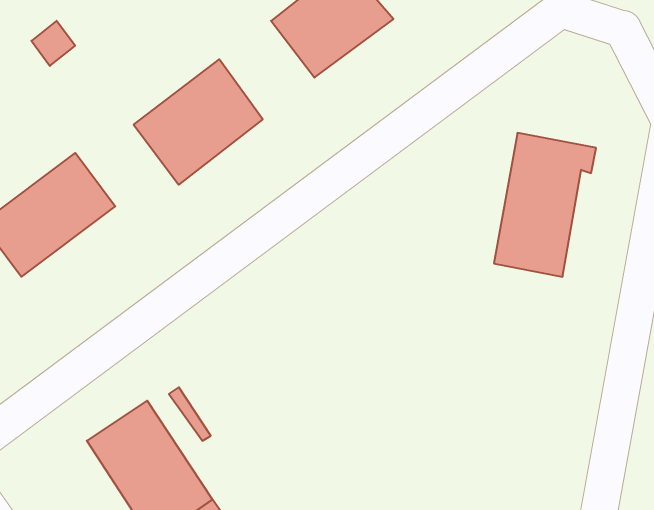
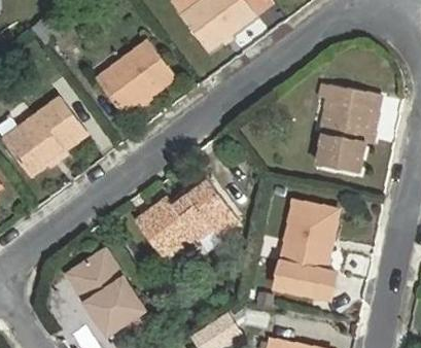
building: none -> [135,180,238,259]
building: none -> [276,202,337,297]

